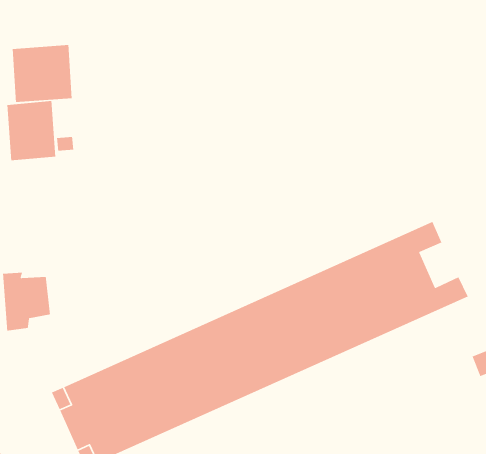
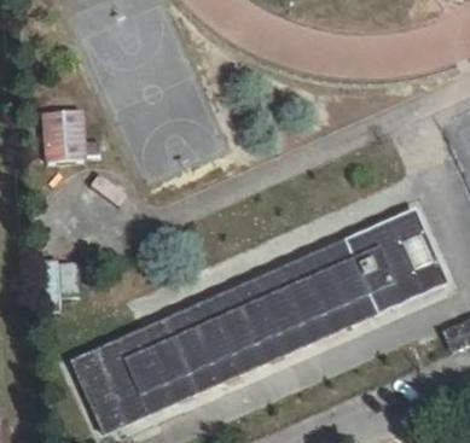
building: [12,44,72,103] -> none

